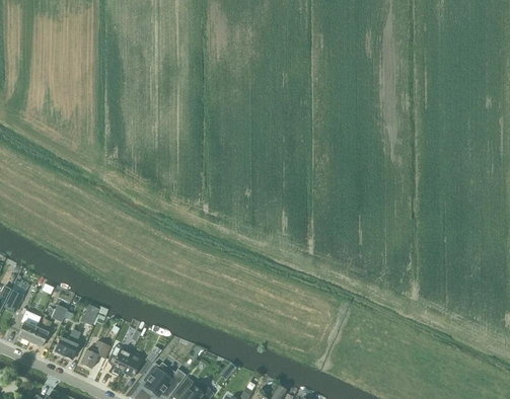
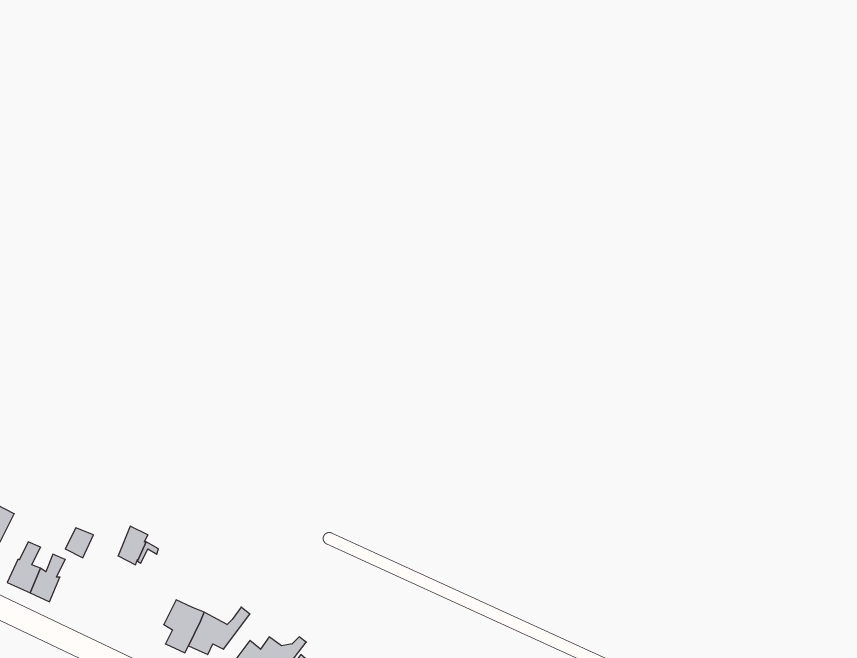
building: [55,330,79,361] -> none
building: [79,341,110,369] -> none

